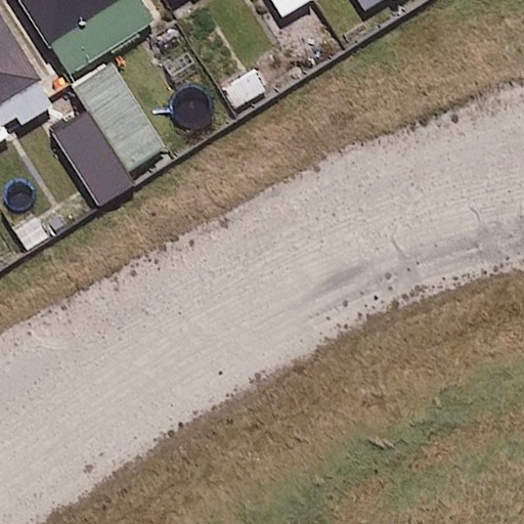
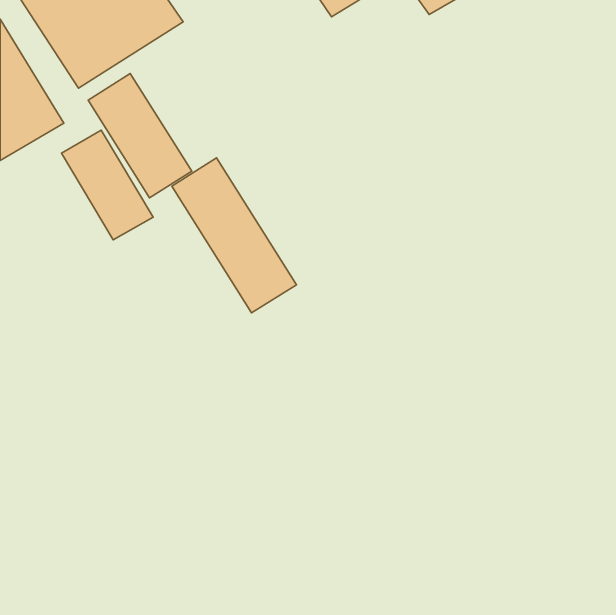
building: none -> [172,158,296,313]

